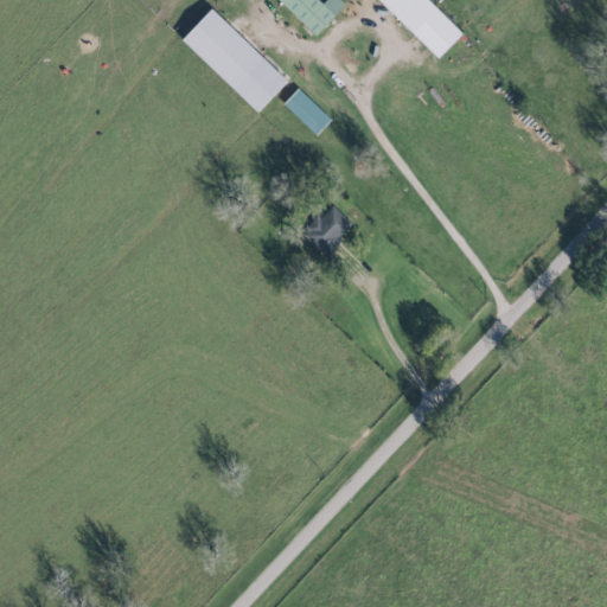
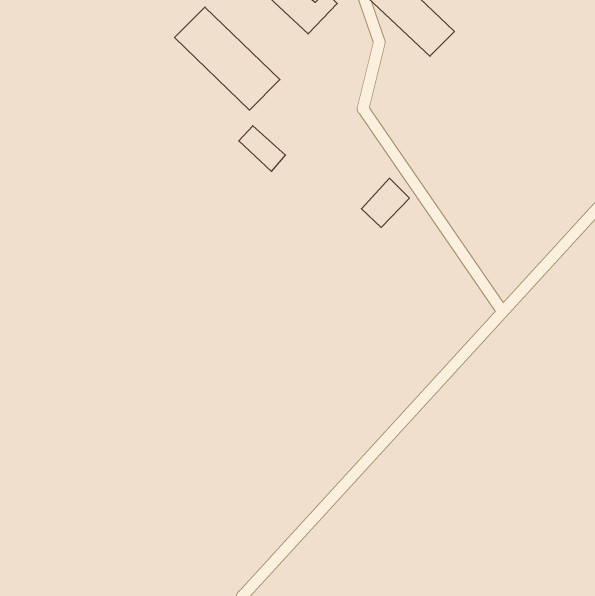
building: [283,88,331,134] -> [239,126,286,171]
building: [304,203,352,253] -> [361,178,409,227]

